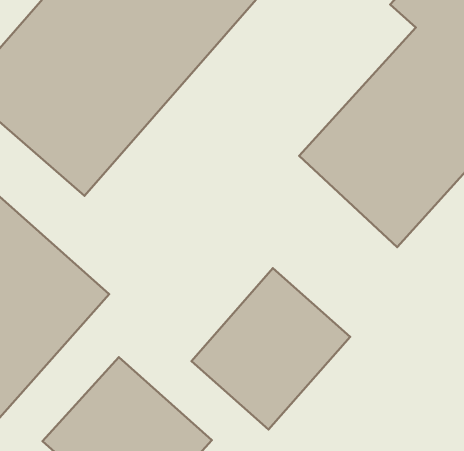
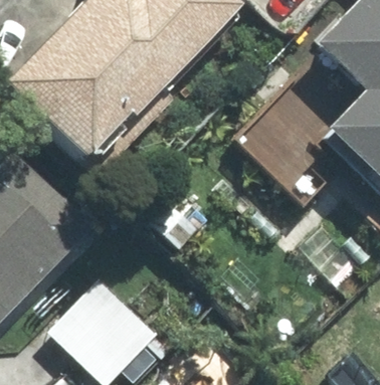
building: [192,268,350,430] -> none

